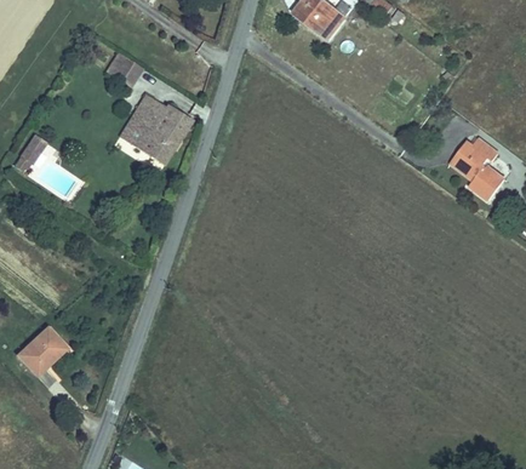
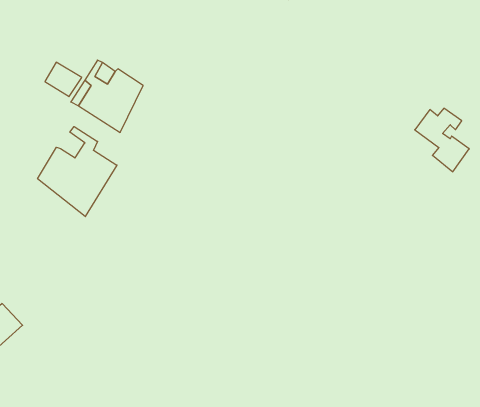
building: [102,52,137,85] -> [45,62,82,97]
building: none -> [38,127,117,217]

